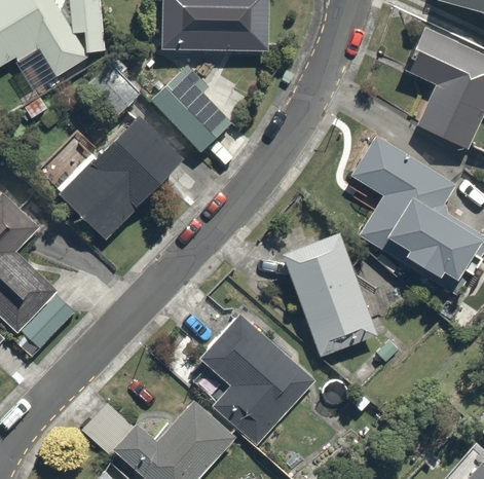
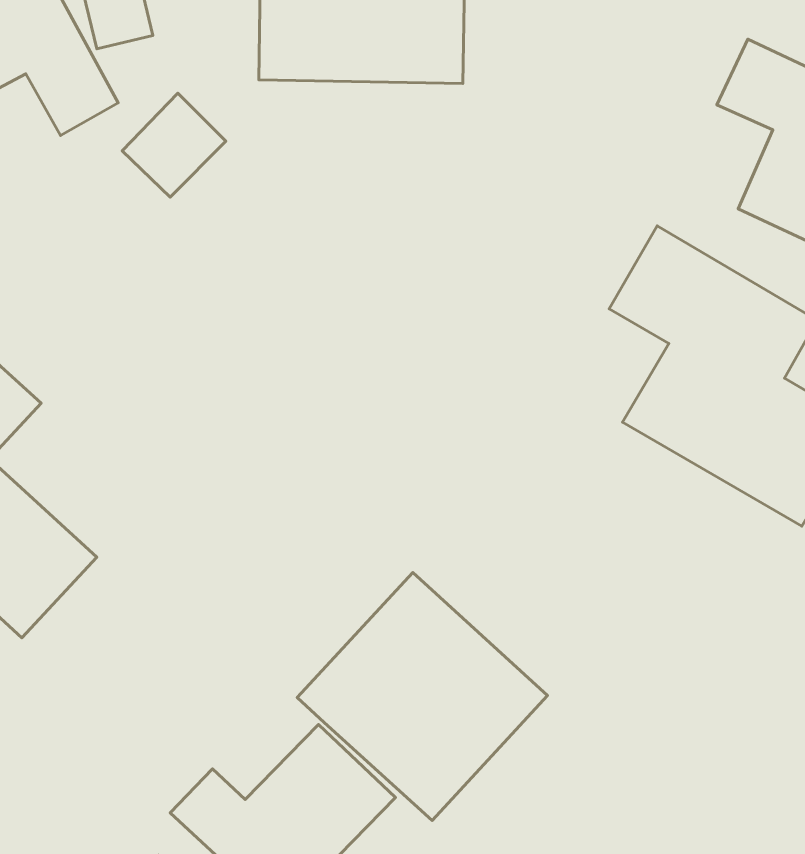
building: [151,67,235,152] -> none
building: [37,108,191,240] -> none
building: [281,236,375,360] -> none

